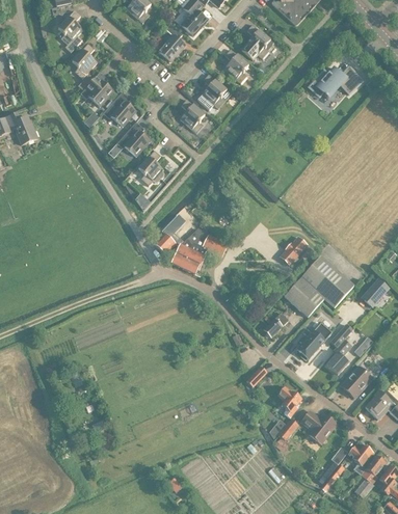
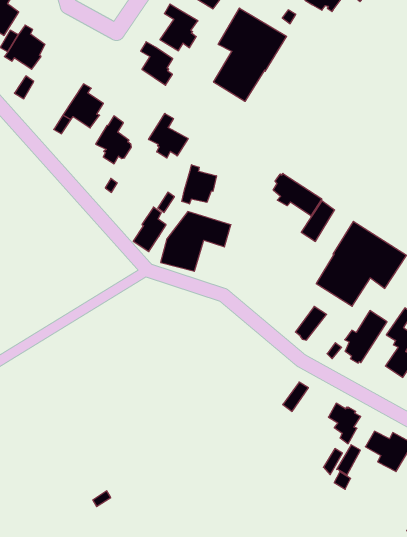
building: none -> [214,8,287,101]
building: [103,92,134,126] -> none
building: none -> [149,113,188,158]
building: none -> [182,165,216,204]
building: none -> [273,173,322,216]

